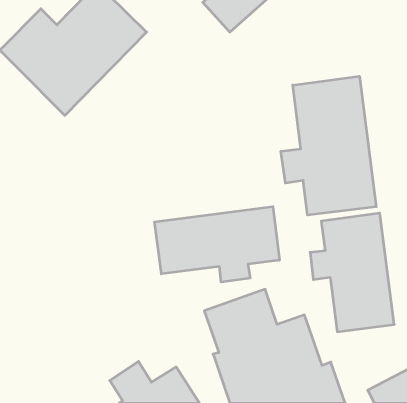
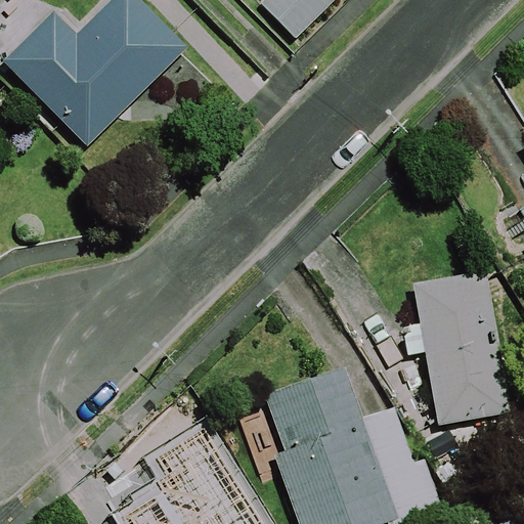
building: [281,76,376,215] -> none
building: [155,207,279,282] -> none

